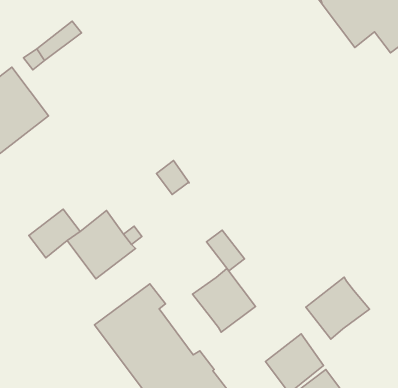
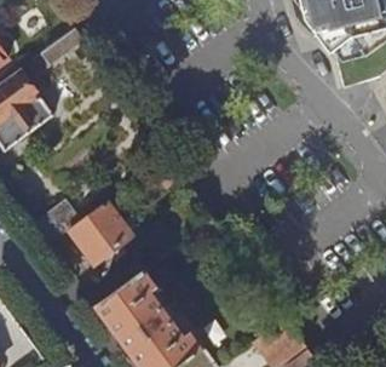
building: [193,269,256,332] -> none
building: [306,277,369,339] -> none

